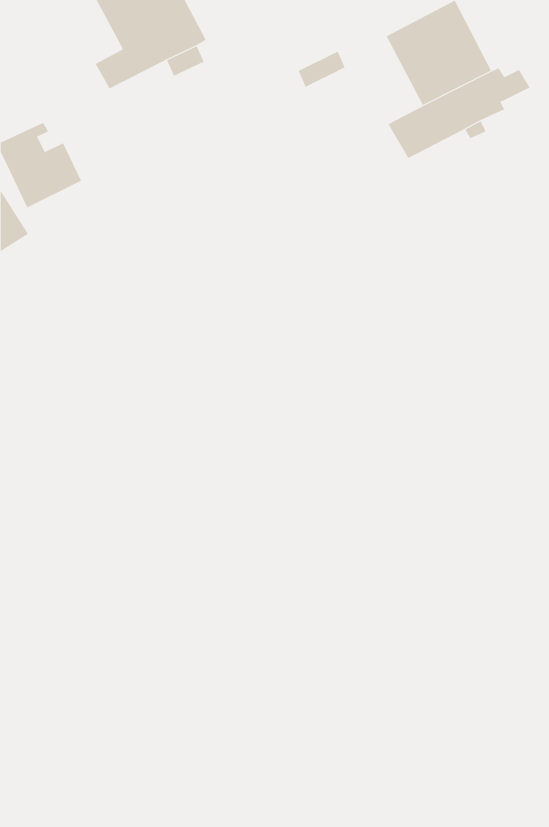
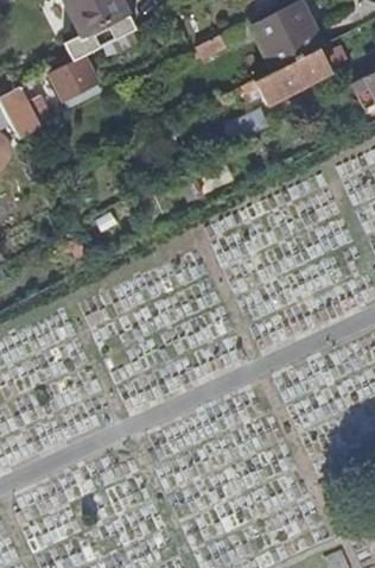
building: none -> [50,57,97,100]

